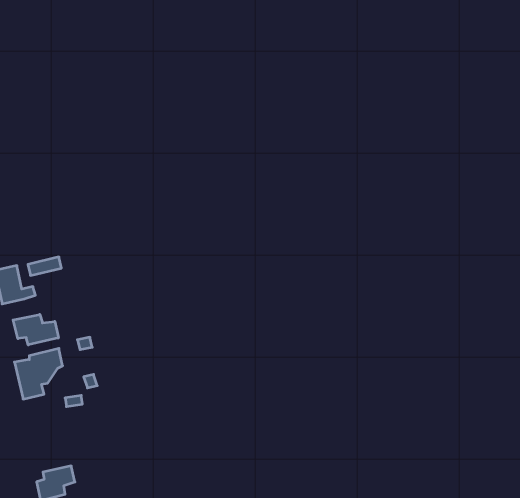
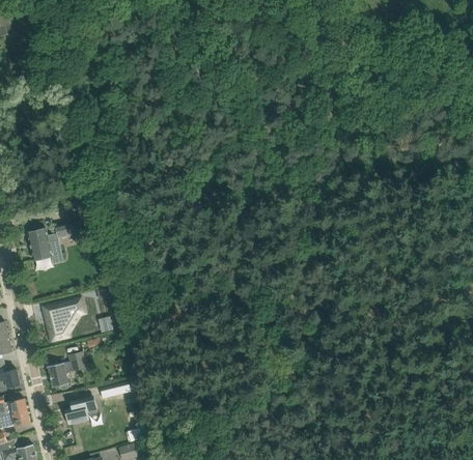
building: [13,314,58,345] -> none
building: none -> [47,352,85,391]

